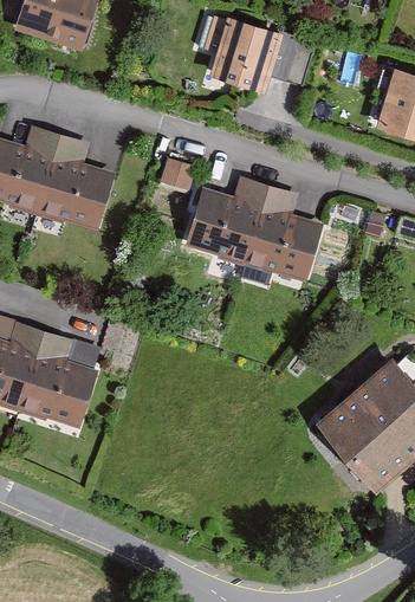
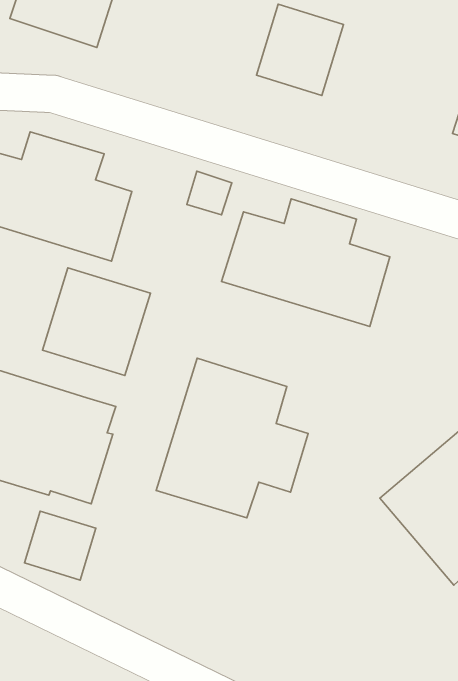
building: none -> [42,268,150,375]
building: none -> [156,358,308,518]
building: none -> [25,511,96,580]

